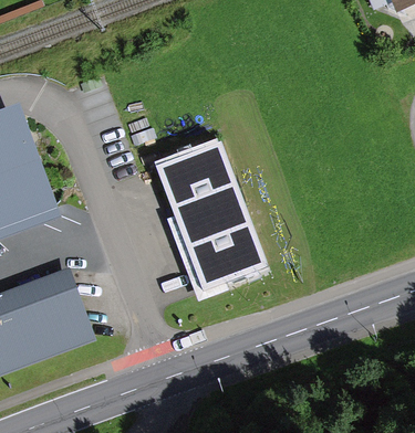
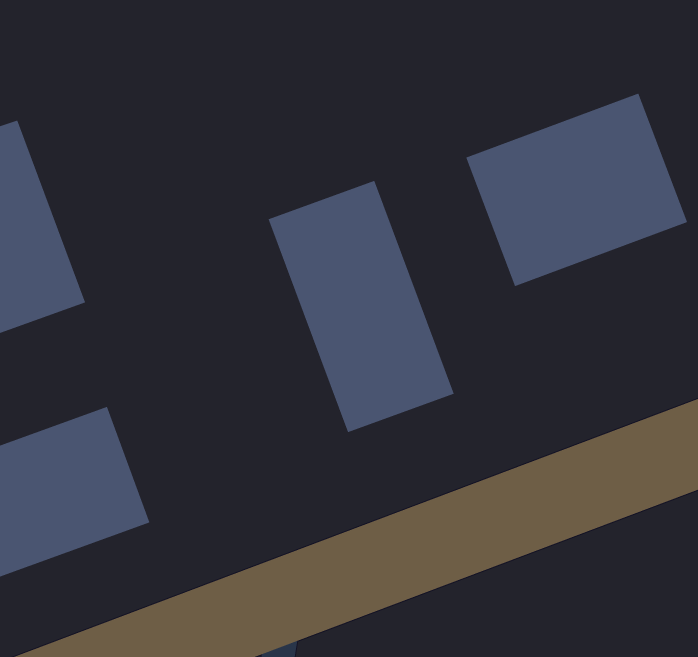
building: none -> [465,92,688,287]

